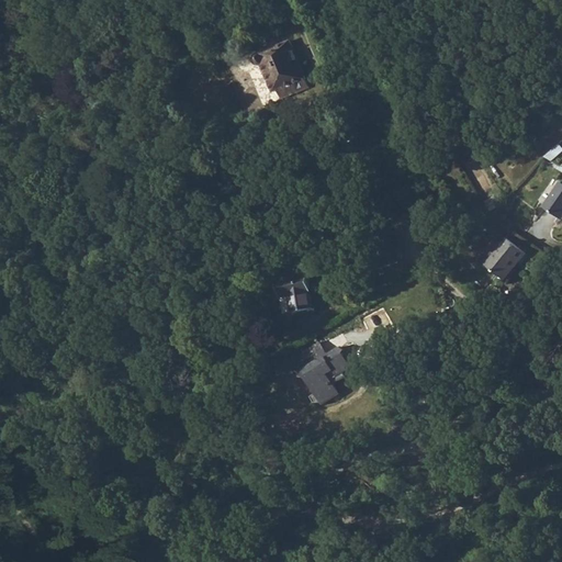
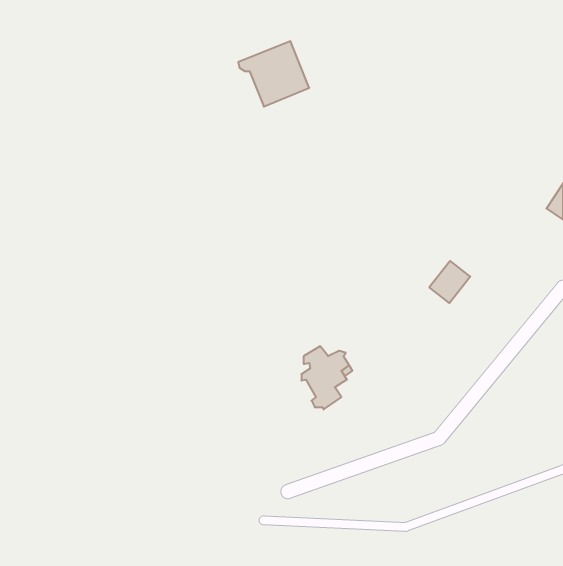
building: [483,237,524,279] -> [429,261,470,303]
building: [276,274,311,313] -> none

